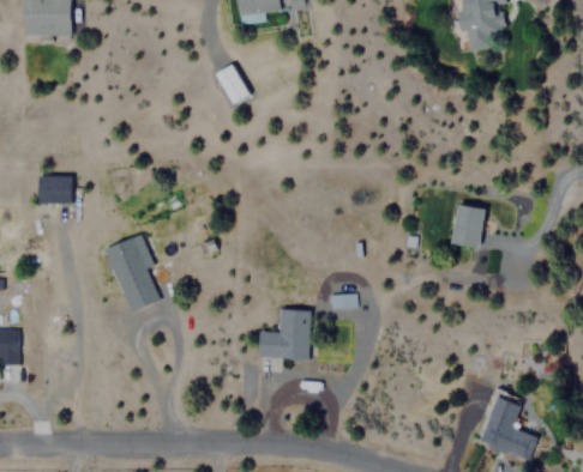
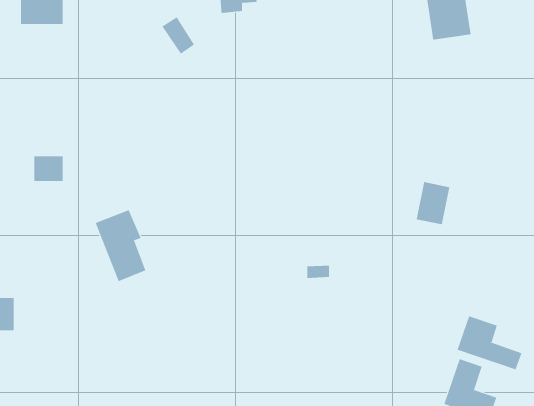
building: [214,63,250,104] -> [161,17,195,54]
building: [258,308,309,358] -> none
building: none -> [457,315,522,370]

